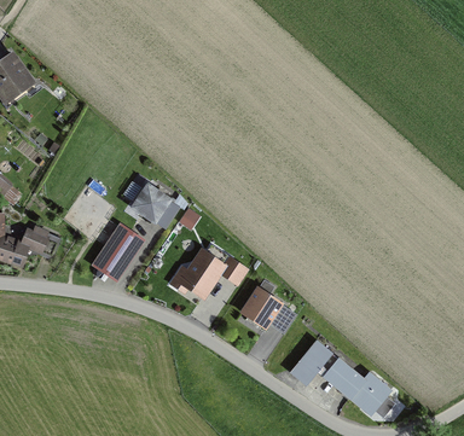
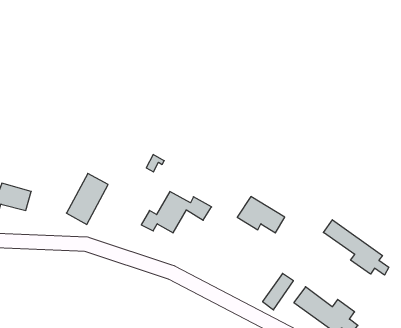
building: [132,182,176,225] -> none
building: [243,289,292,329] -> [237,197,285,233]
building: none -> [323,220,389,275]

